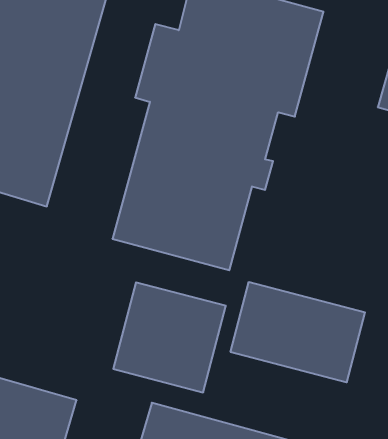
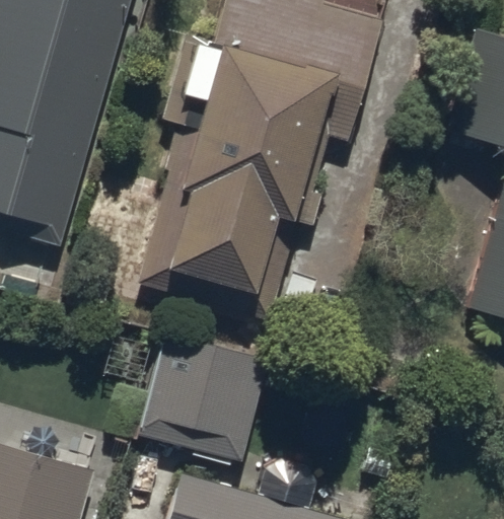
building: [231,282,365,382] -> none

